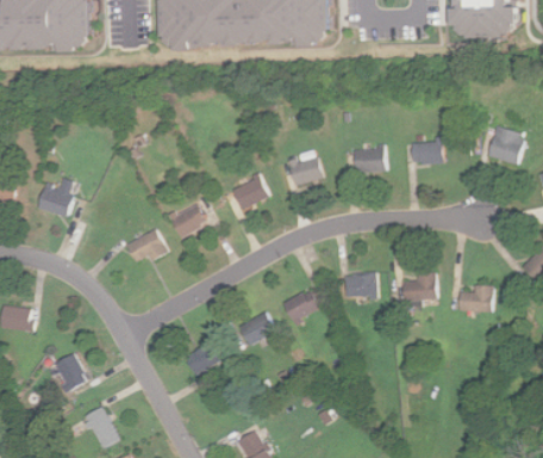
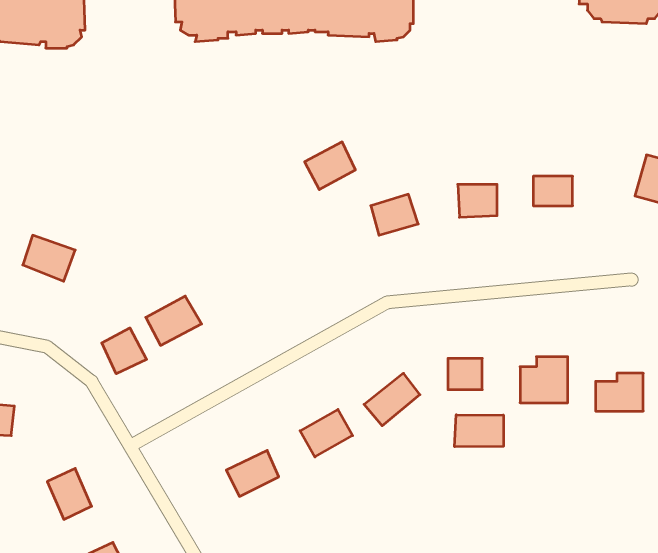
building: [233,175,270,210] -> [305,142,355,190]
building: [170,203,208,237] -> none
building: none -> [102,328,147,374]
building: none -> [455,415,503,447]

